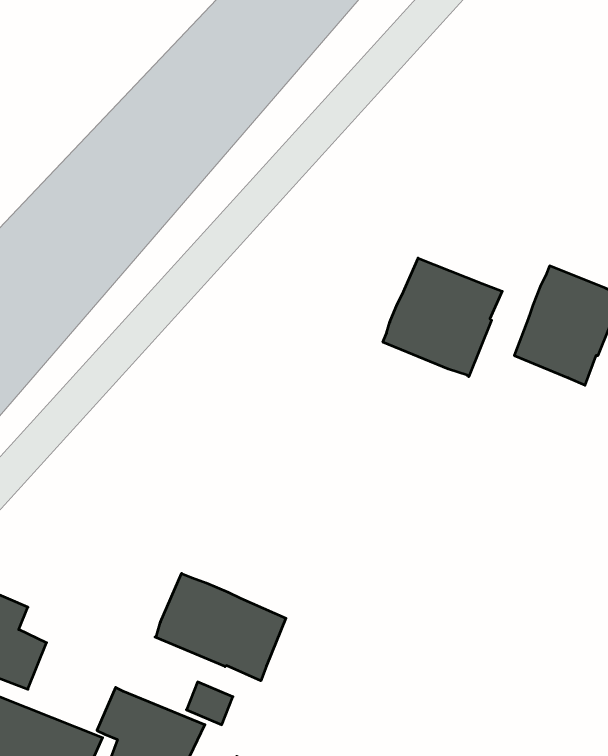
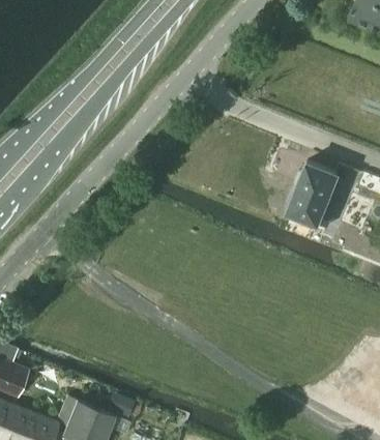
building: [383,258,502,377] -> none
building: [155,573,286,681] -> none

